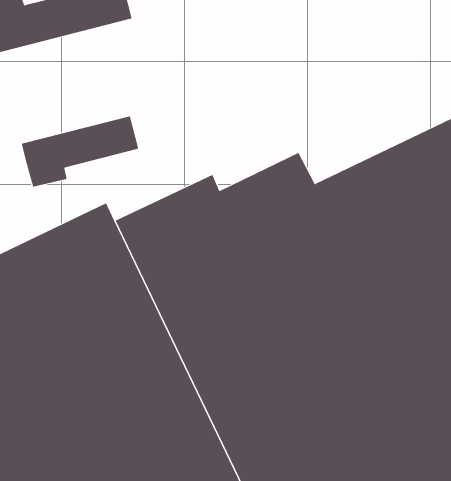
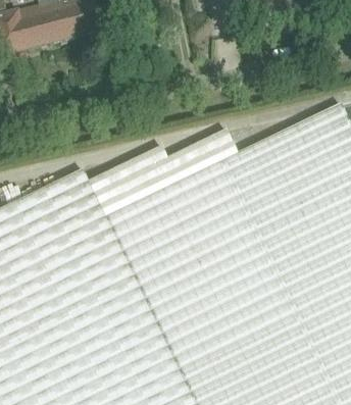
building: [21,116,139,187] -> none

